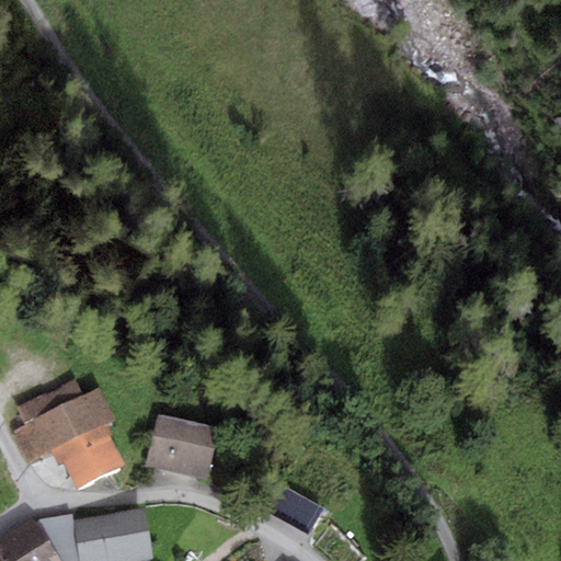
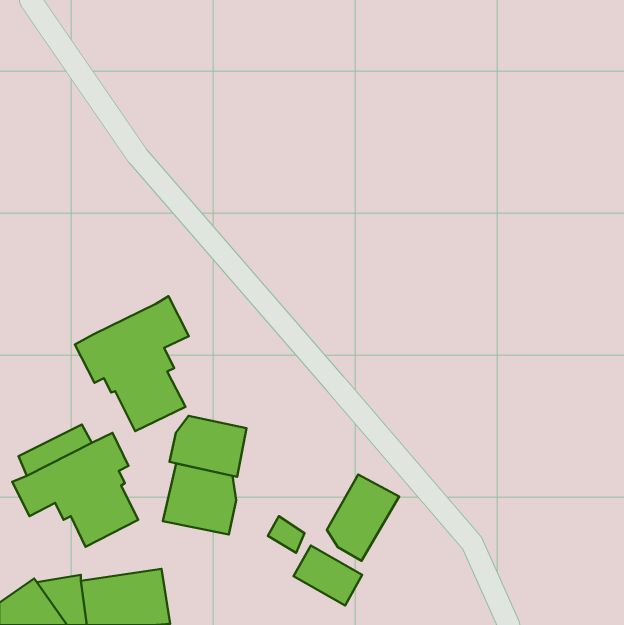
building: none -> [75,296,189,431]
building: none -> [170,416,246,477]
building: none -> [327,475,399,561]

